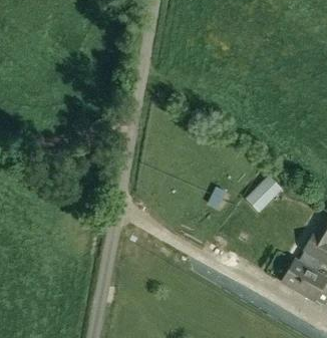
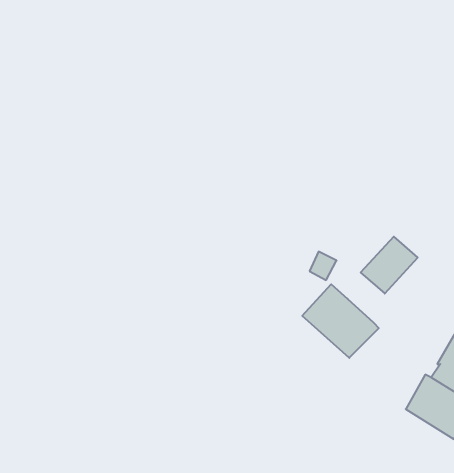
building: none -> [302,284,379,358]

